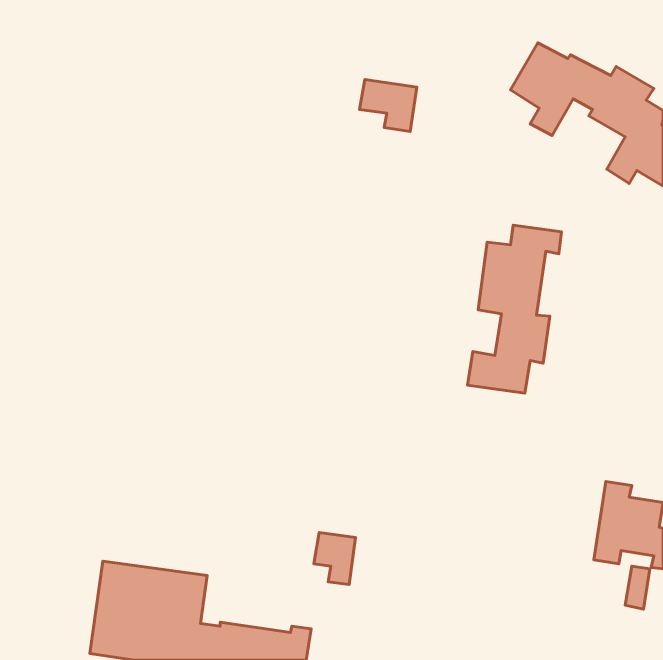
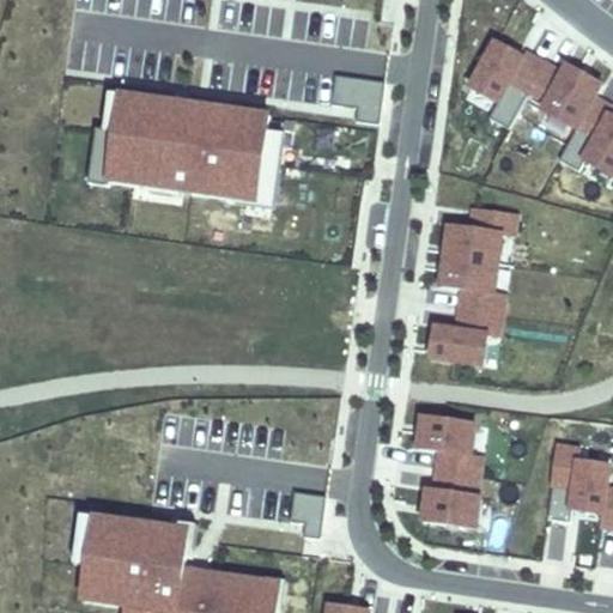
building: none -> [87,92,281,198]
building: none -> [415,413,482,526]

